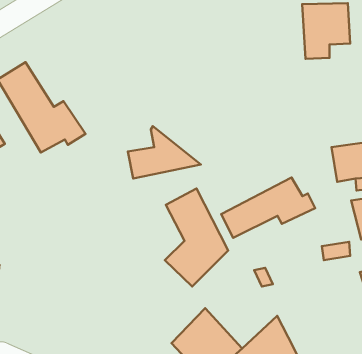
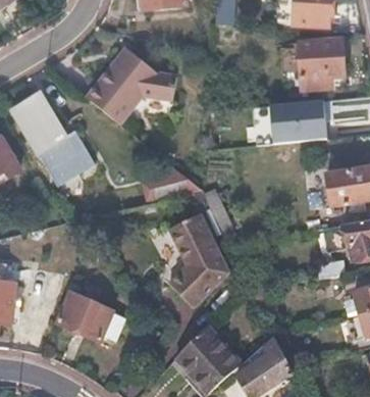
building: none -> [83,45,170,121]
building: none -> [276,103,334,146]
building: [221,177,315,238] -> none
building: none -> [60,295,127,342]

